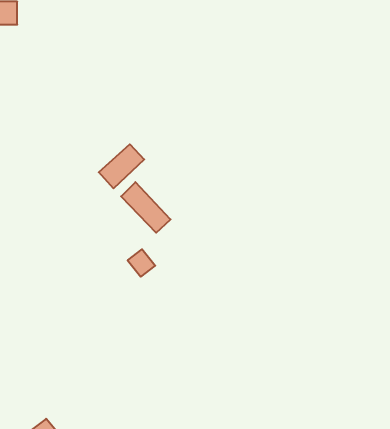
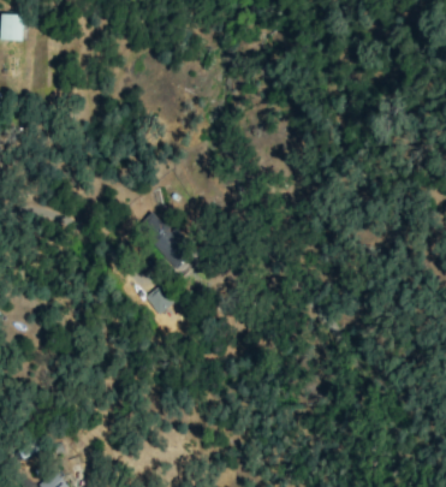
building: [99,144,144,188] -> none

